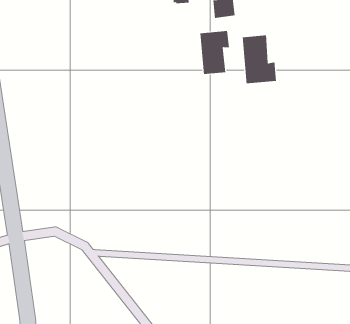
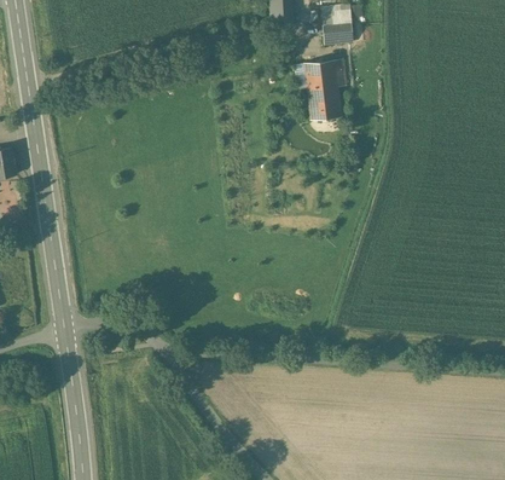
building: [242,34,276,84] -> none

